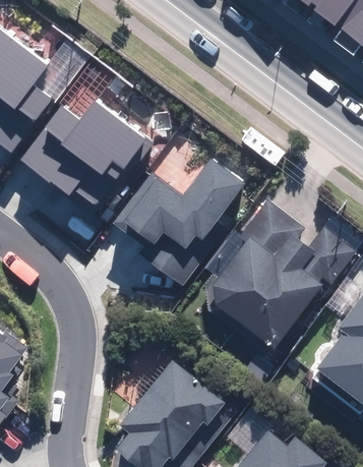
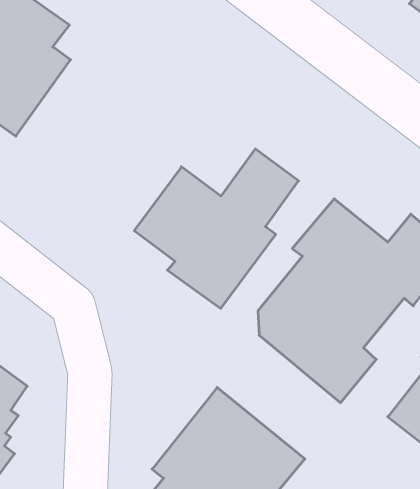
building: [25,91,163,201] -> none

